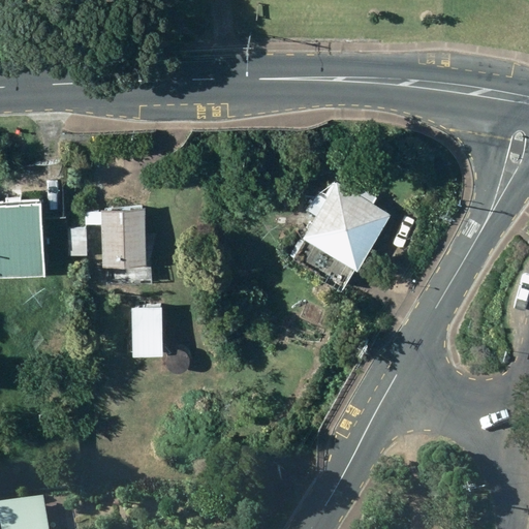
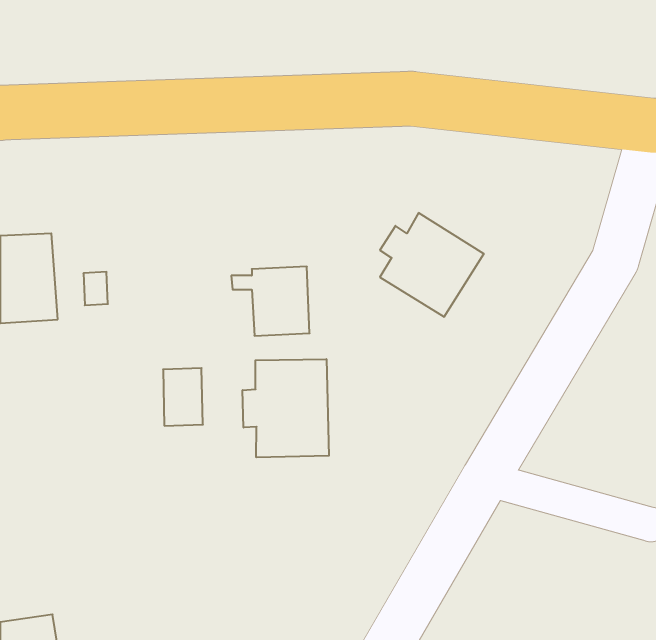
building: [84,209,147,264] -> [231,267,310,336]
building: none -> [243,359,329,457]

